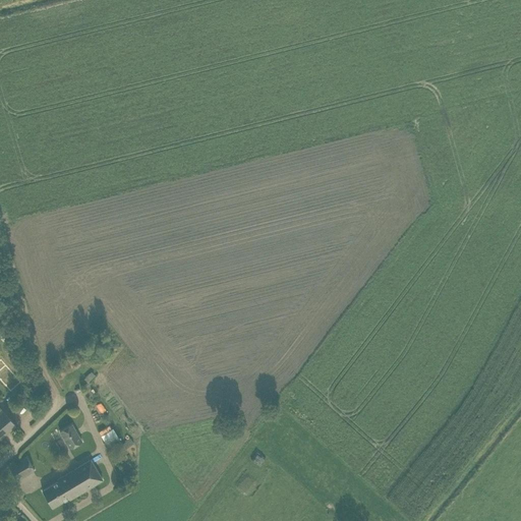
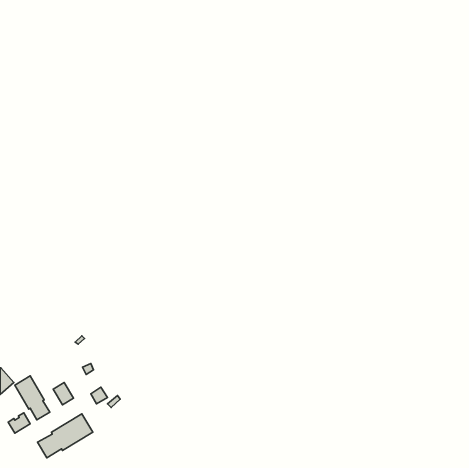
building: none -> [15,376,50,420]

